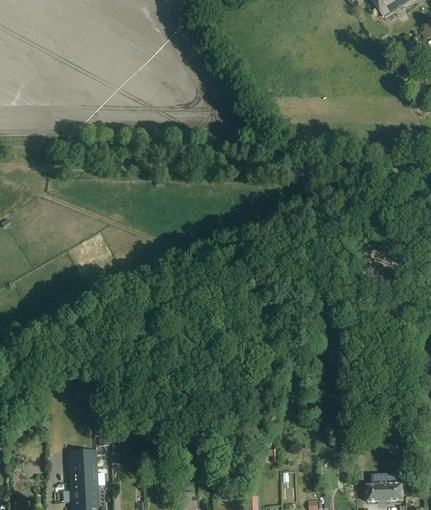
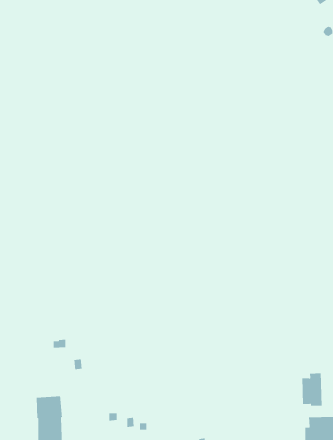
building: none -> [302,372,322,407]

